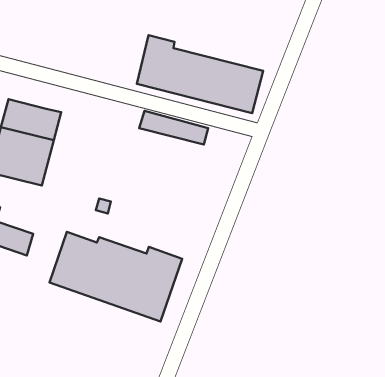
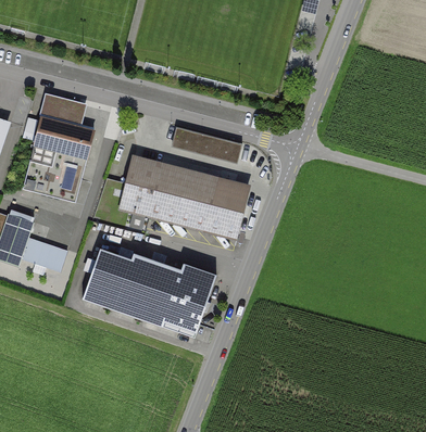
building: [137,35,263,113] -> [123,157,250,236]
building: none -> [39,89,86,123]

